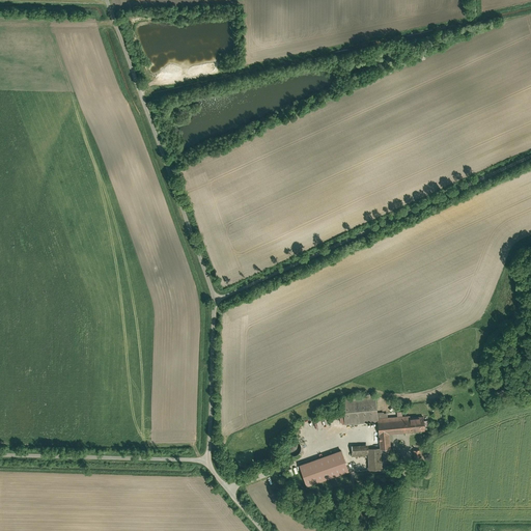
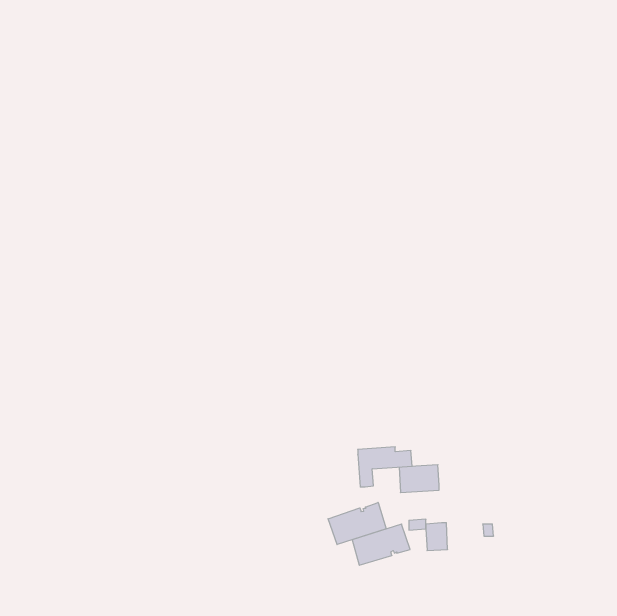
building: [376,416,423,450] -> [358,447,412,487]
building: none -> [328,502,386,545]

